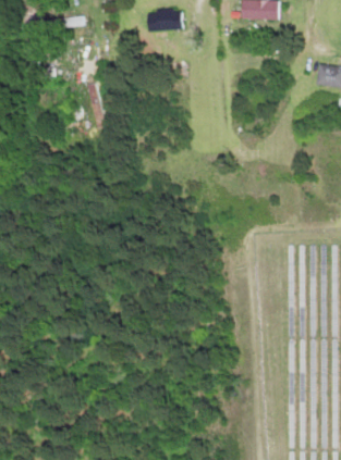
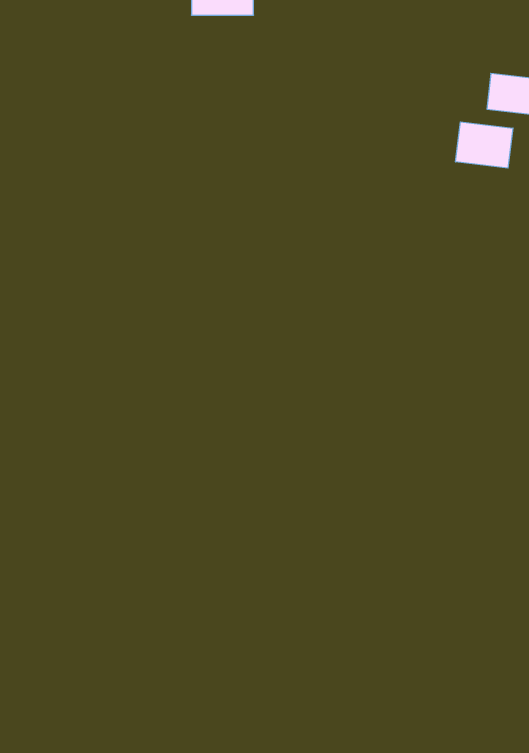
building: none -> [456,122,513,168]

